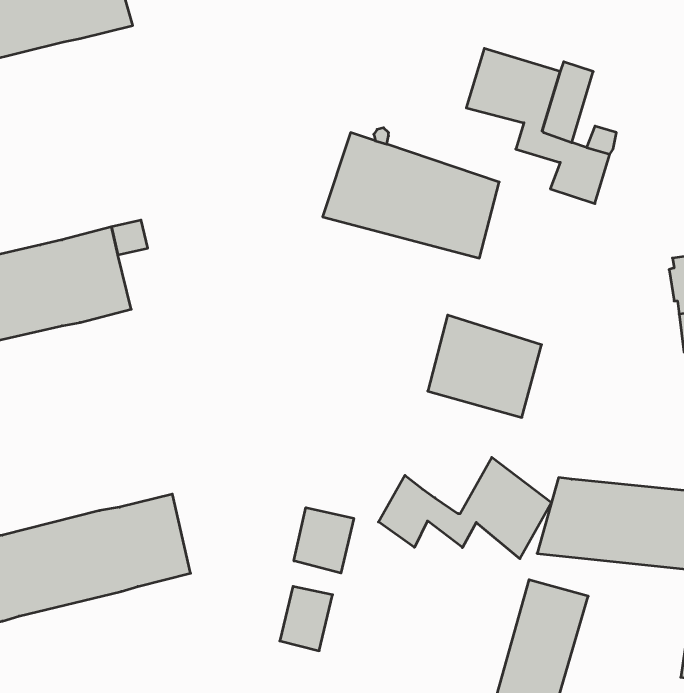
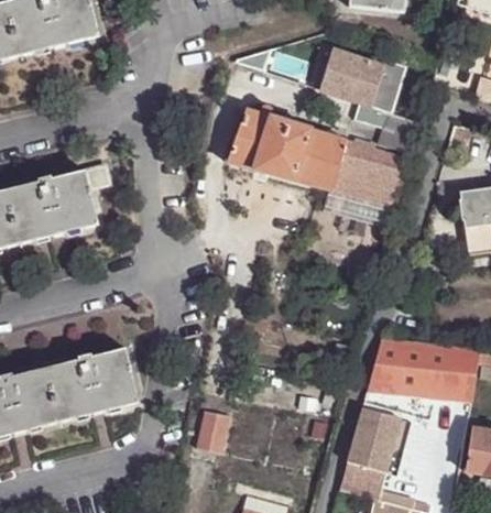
building: [428,315,542,417] -> [330,140,406,208]
building: [378,457,552,559] -> none
building: [294,508,354,573] -> none

